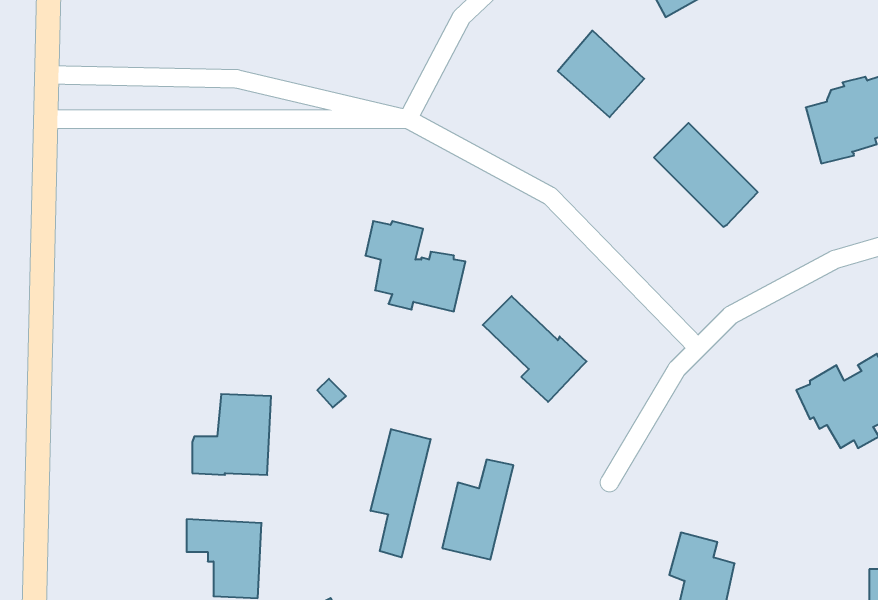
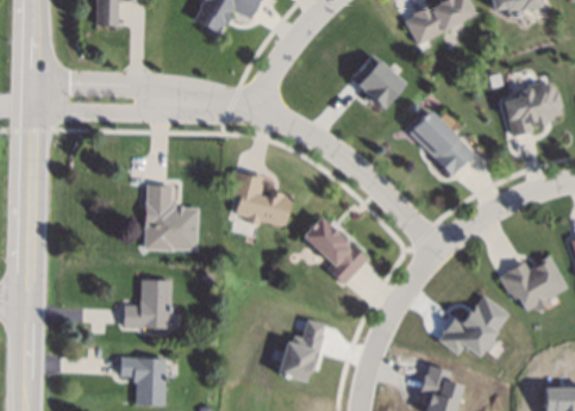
building: none -> [145,182,200,251]
building: none -> [437,294,507,356]
building: [371,429,431,557] -> none

